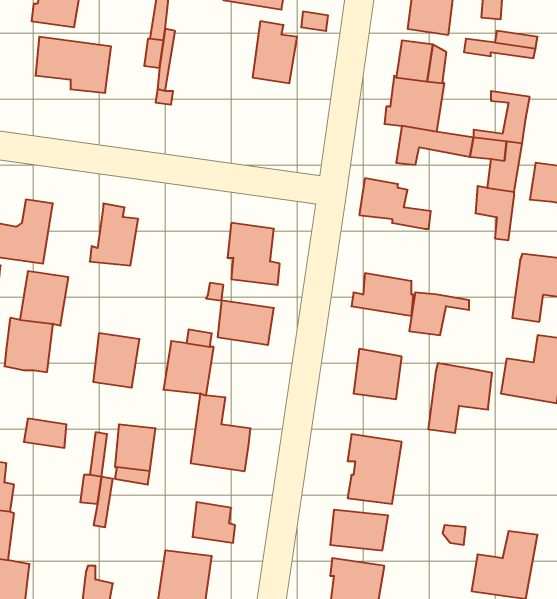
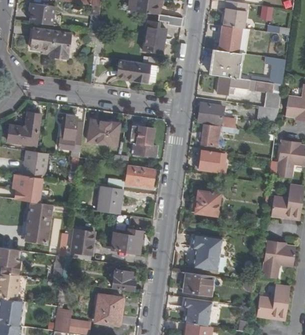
building: none -> [117,60,156,81]
building: none -> [88,119,120,146]
building: [409,292,469,335] -> [201,124,232,146]
building: [93,333,140,388] -> [27,201,51,229]
building: [428,363,492,433] -> [262,241,295,277]

